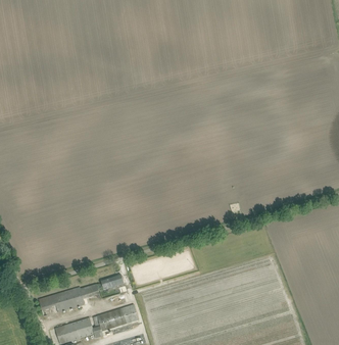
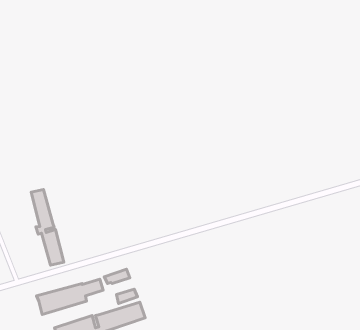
building: none -> [31,189,64,265]

